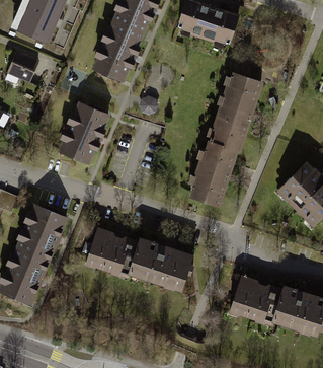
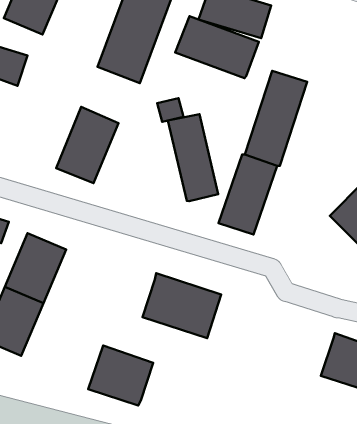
building: none -> [175,16,259,78]
building: none -> [168,114,218,201]
building: [85,227,138,276] -> [88,345,153,405]
building: [230,276,282,323] -> none

